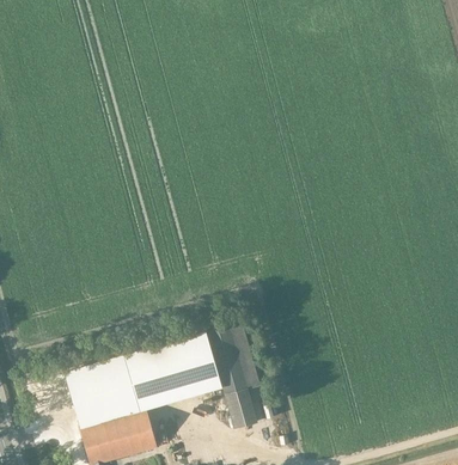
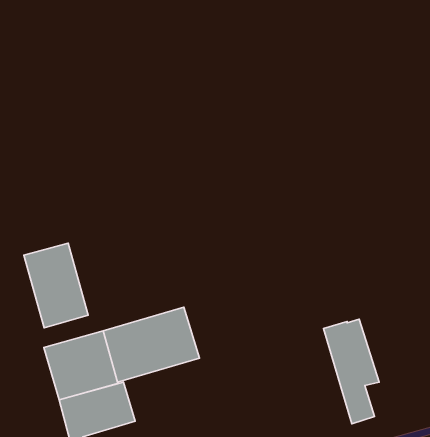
building: none -> [24,243,88,328]
building: [207,324,263,429] -> [323,319,379,424]

